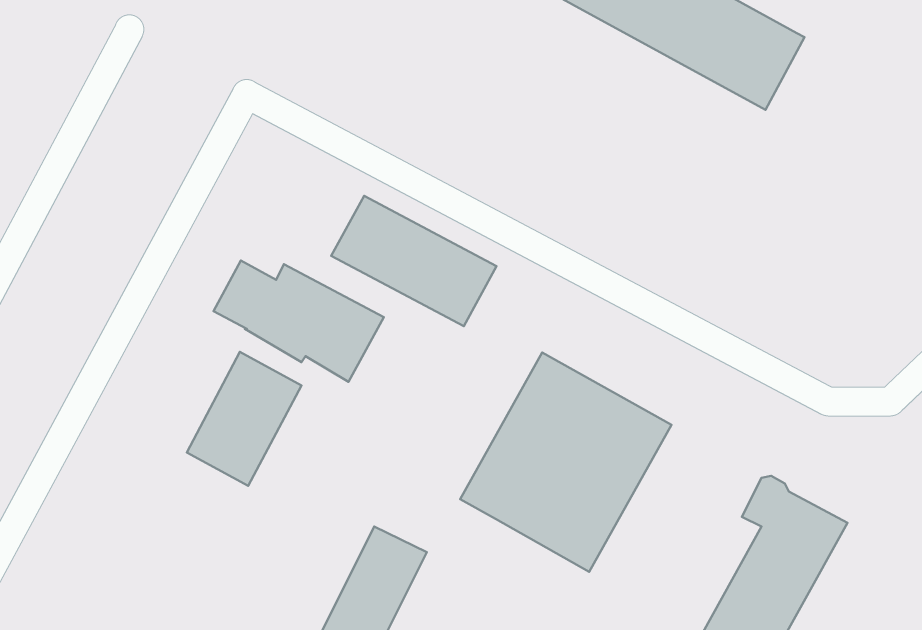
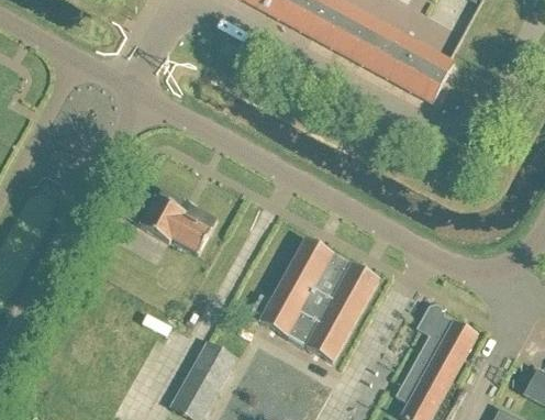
building: [331,196,497,326] -> none
building: [187,352,301,486] -> none

